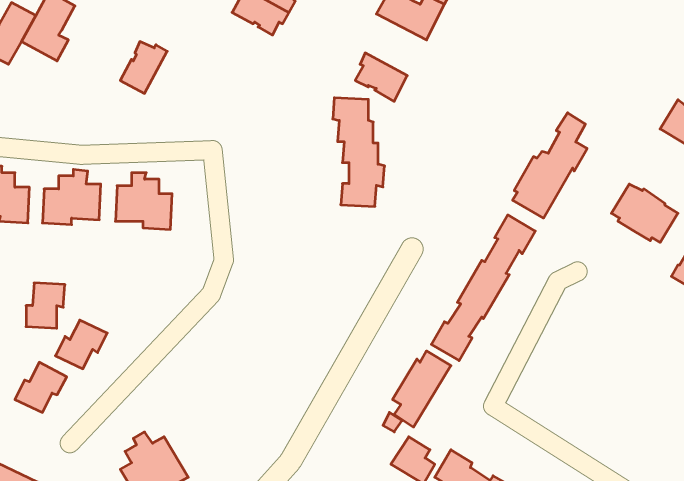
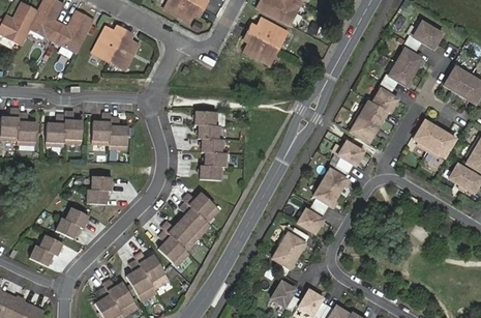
building: none -> [56,13,95,54]
building: none -> [382,20,439,85]
building: none -> [252,21,289,51]
building: none -> [112,35,141,70]
building: [333,98,385,206] -> [196,110,229,179]
building: [26,283,65,328] -> [86,175,111,204]
building: none -> [159,192,221,266]
building: none -> [127,252,171,301]

